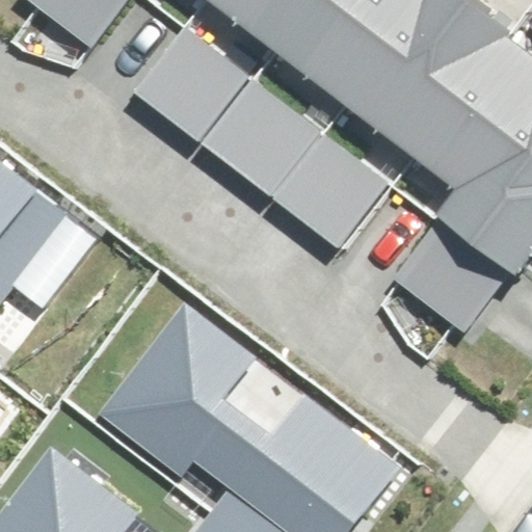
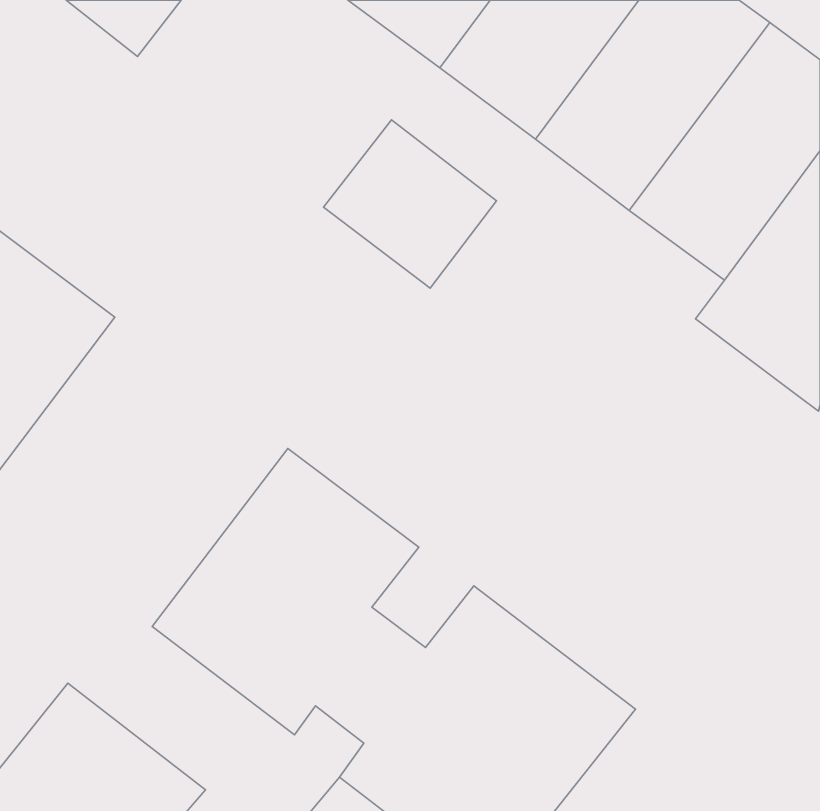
building: [140,35,251,143] -> none
building: [276,139,388,247] -> none
building: [399,227,509,335] -> none

